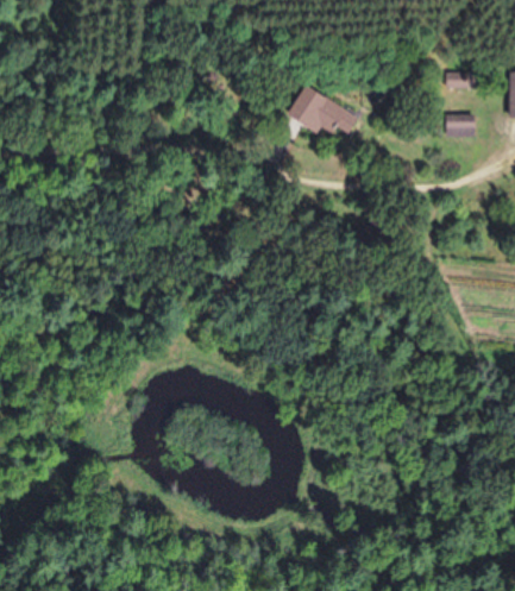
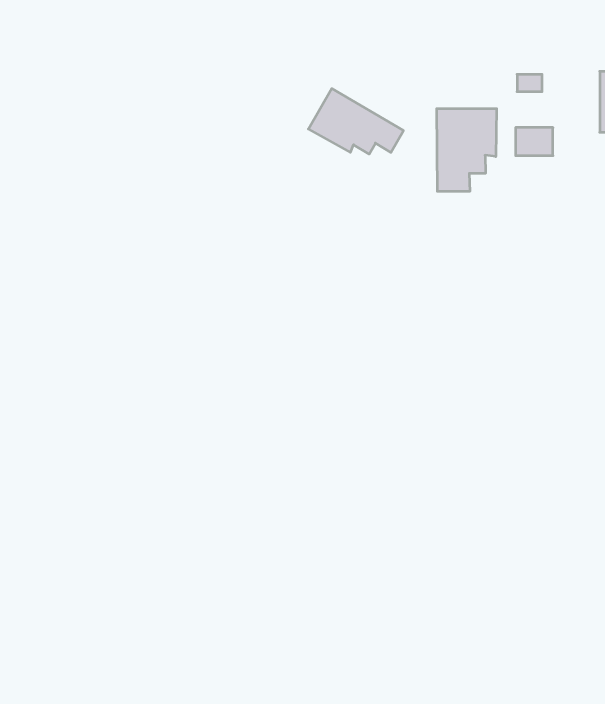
building: none -> [437,109,497,191]

